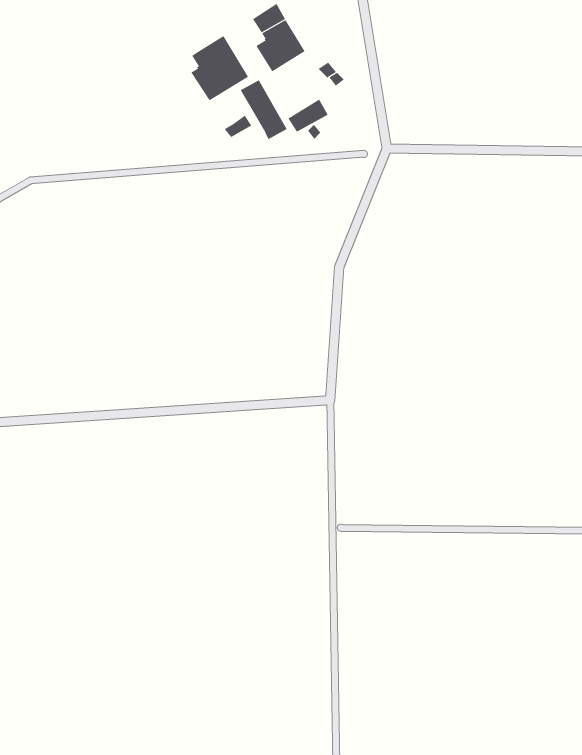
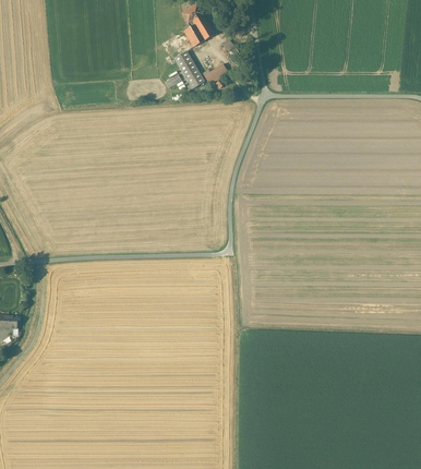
building: [190,35,249,101] -> none

